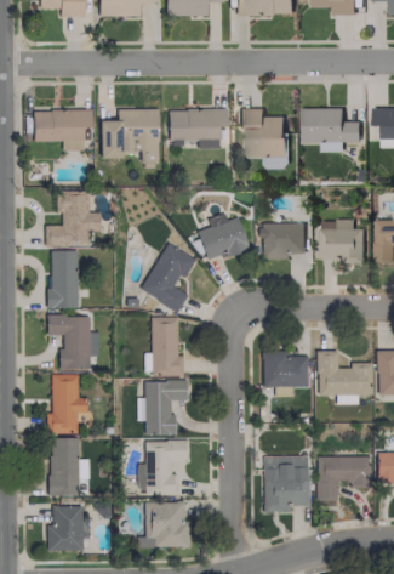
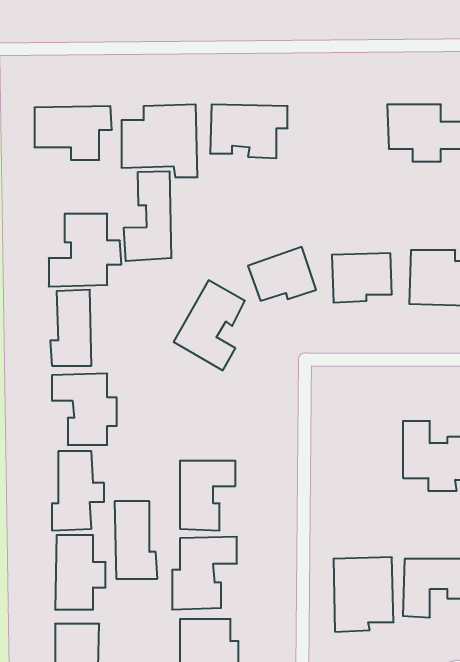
building: [242,108,289,158] -> none
building: none -> [124,171,171,261]
building: [152,317,184,376] -> [115,501,157,579]
building: [263,353,308,397] -> none

